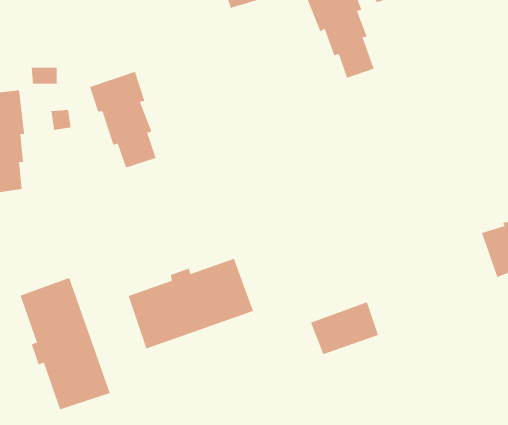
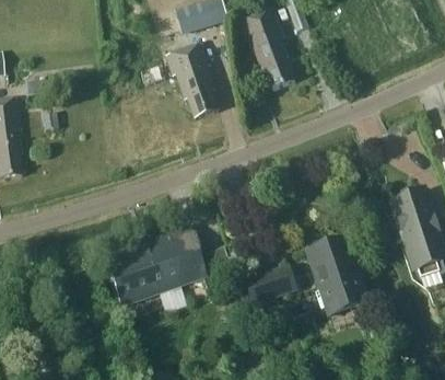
building: [89,71,156,168] -> [167,44,220,119]
building: none -> [311,241,370,315]
building: [20,277,110,410] -> none

